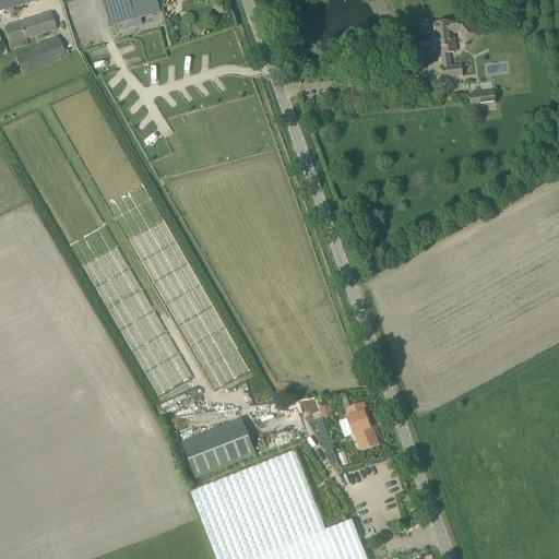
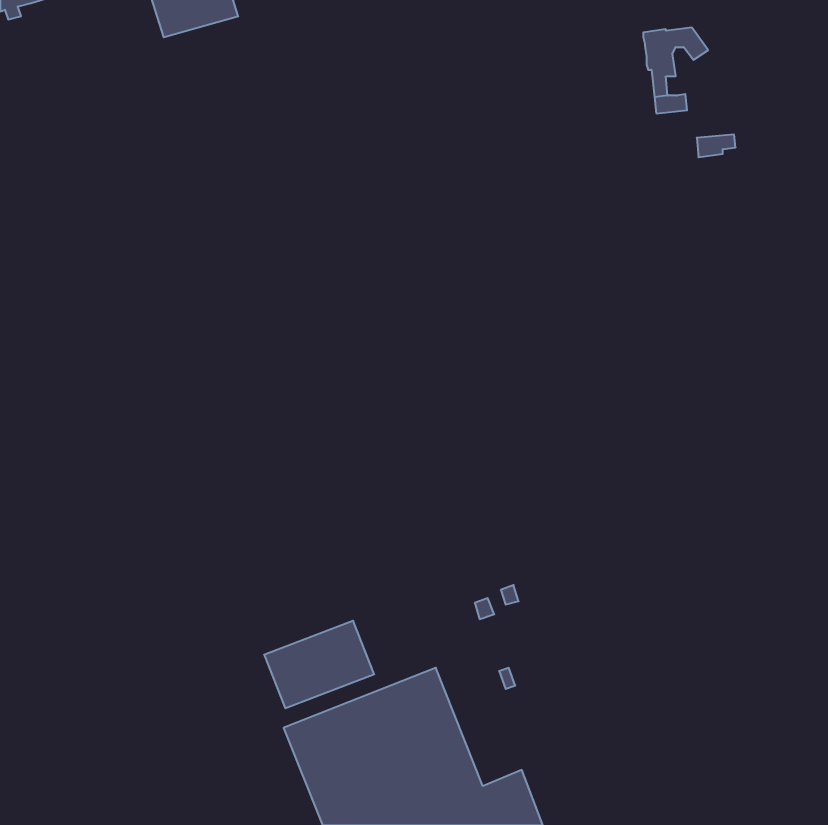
building: [4,12,57,49] -> none
building: [15,35,67,74] -> none
building: [338,402,378,449] -> none

